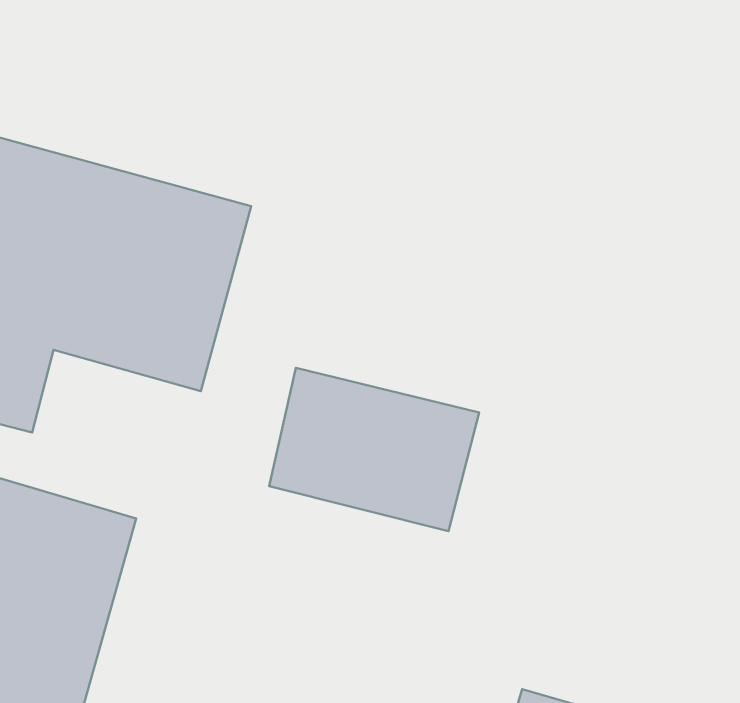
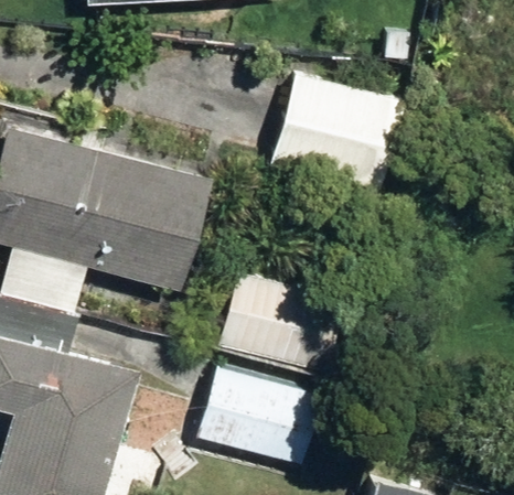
building: none -> [274,74,409,194]
building: none -> [203,369,325,467]

